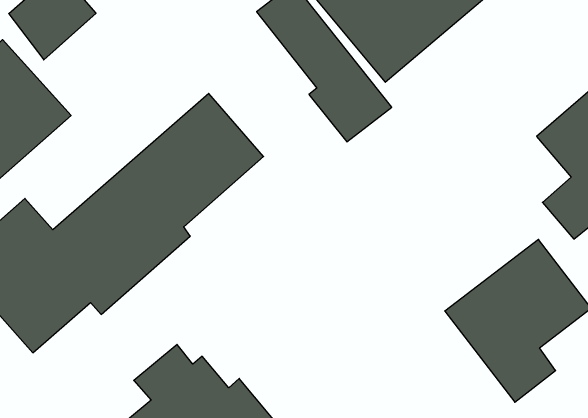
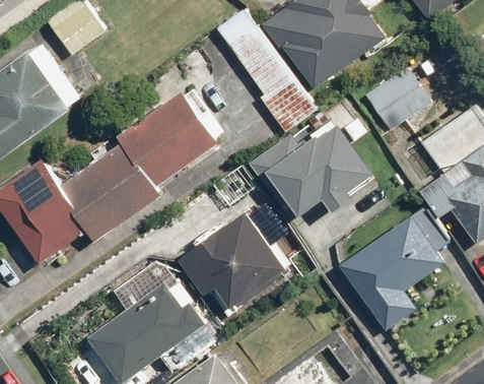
building: none -> [362,66,430,131]
building: none -> [248,97,383,222]
building: none -> [171,207,289,317]

